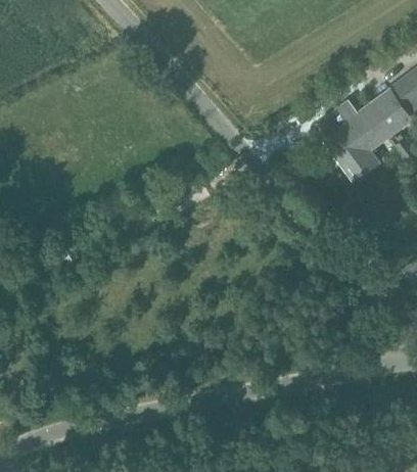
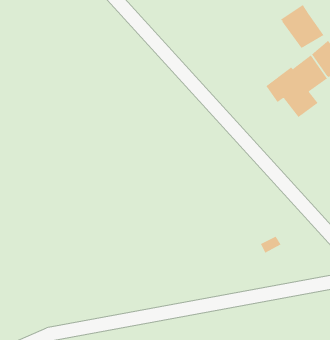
building: none -> [280,4,325,49]

